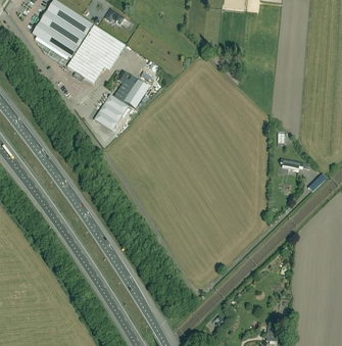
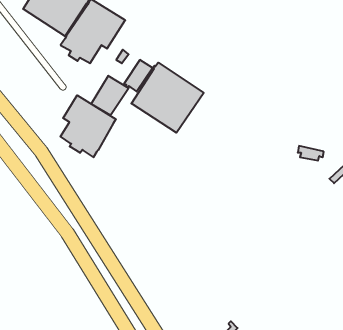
building: none -> [131,63,204,133]
building: none -> [60,95,116,157]

